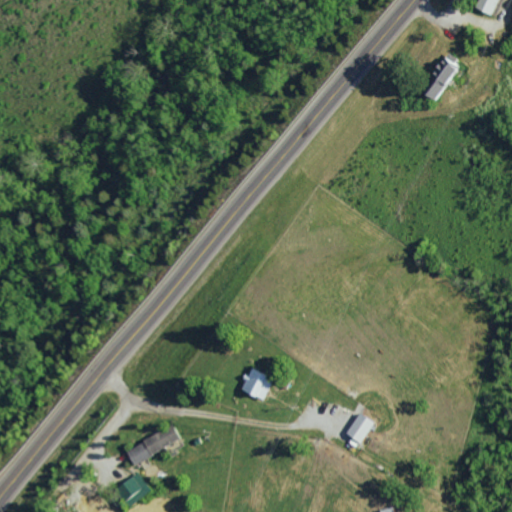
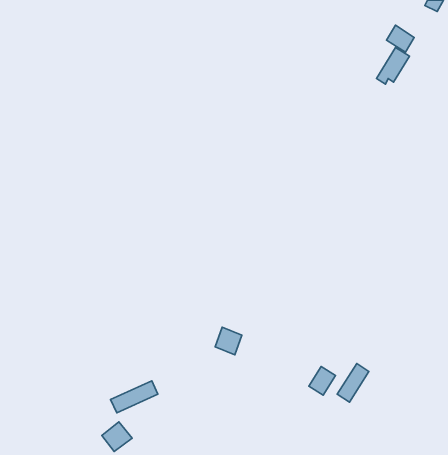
building: none -> [386,25,414,52]
building: none -> [337,363,369,402]

